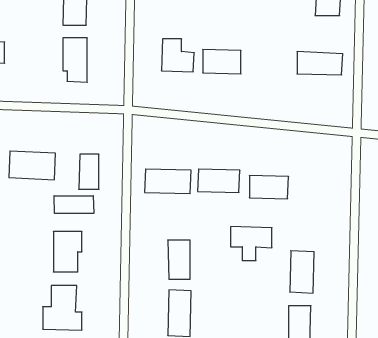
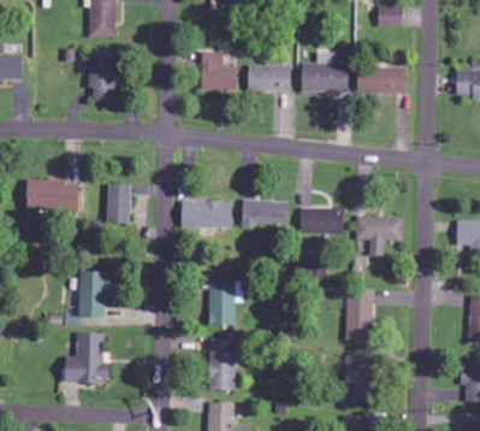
building: none -> [301,52,349,91]
building: [54,196,94,213] -> none
building: [231,227,272,261] -> [355,217,402,255]

